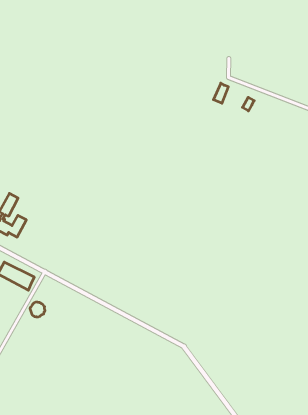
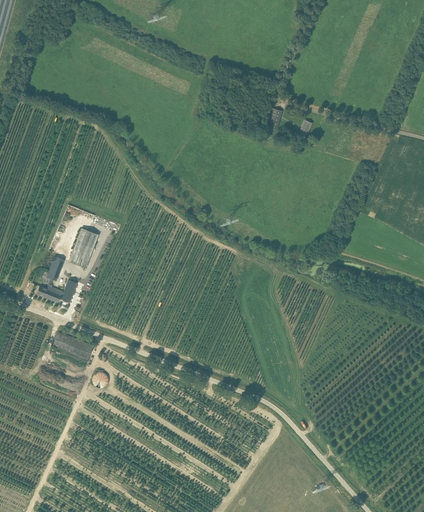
building: none -> [67,227,98,267]

